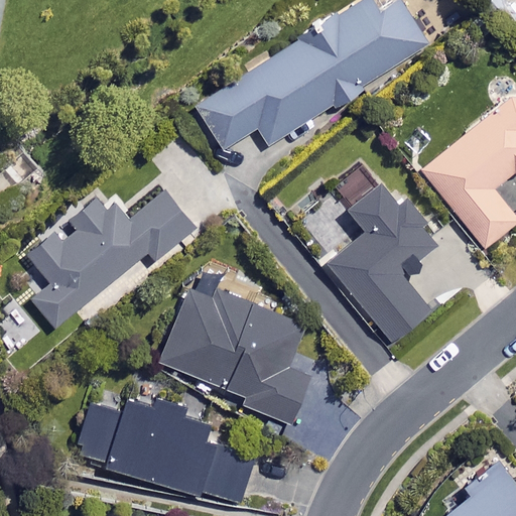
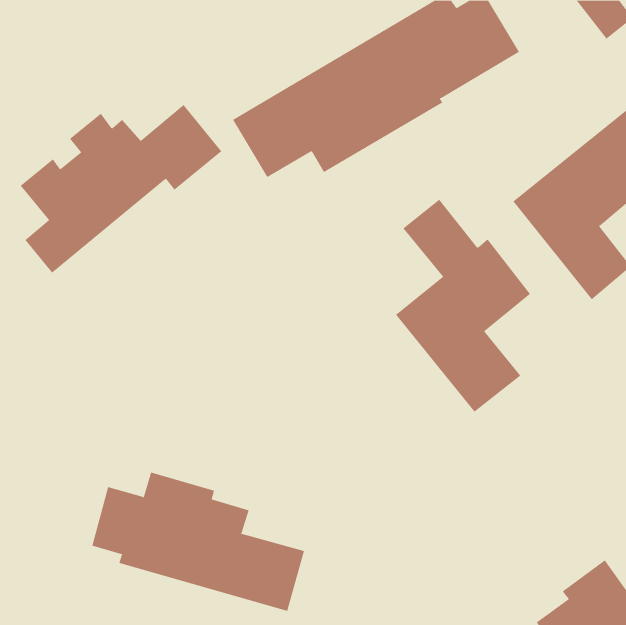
building: [29,190,195,329] -> [20,104,222,273]
building: [160,280,310,424] -> none

